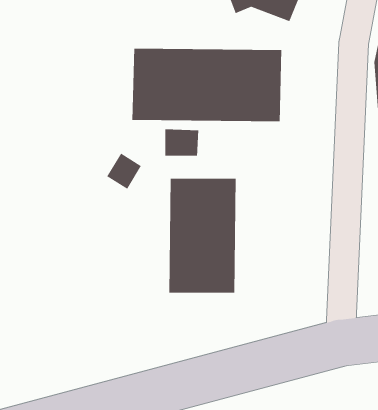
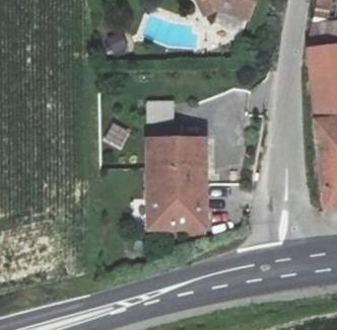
building: [132,48,282,122] -> none

